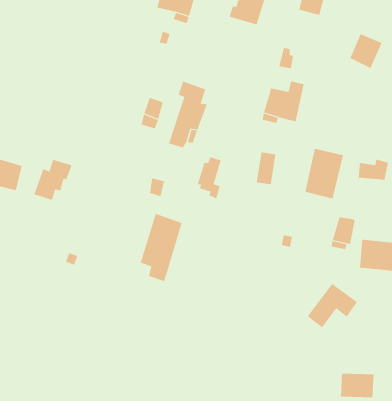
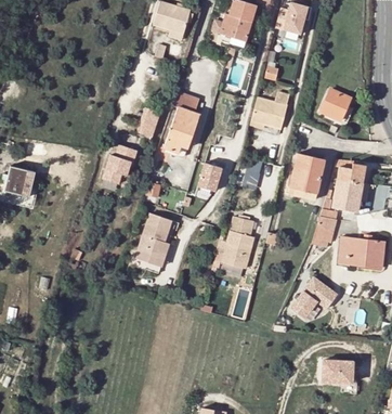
building: [349,33,383,69] -> [322,89,352,121]
building: [33,159,73,201] -> [103,145,139,183]
building: none -> [332,181,363,212]
building: none -> [218,218,253,268]

